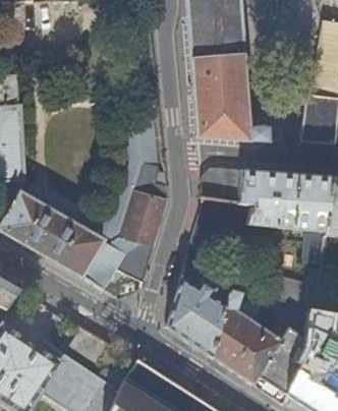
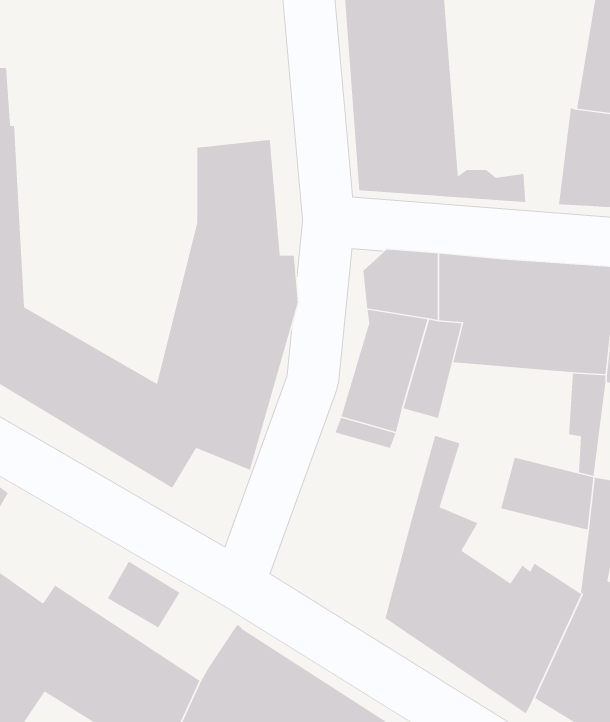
building: [167,277,225,356] -> none

